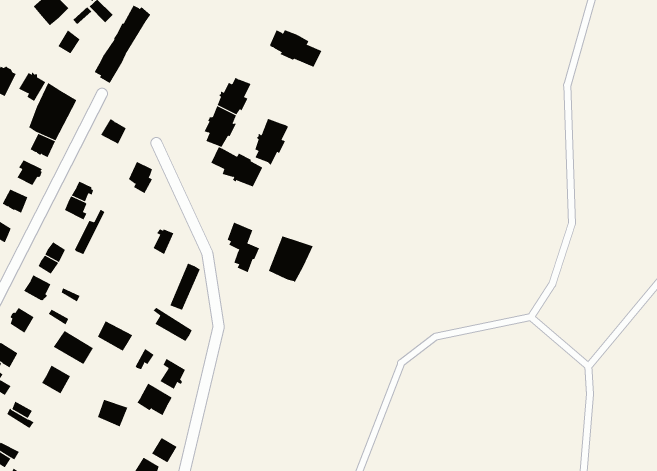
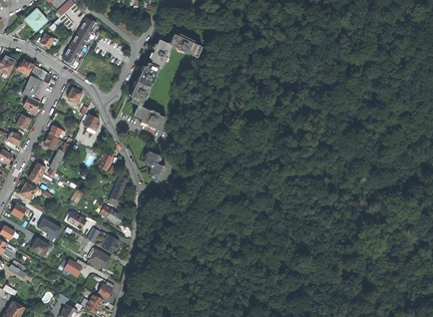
building: [254,118,289,166] -> [150,39,171,68]
building: [268,235,313,283] -> none

